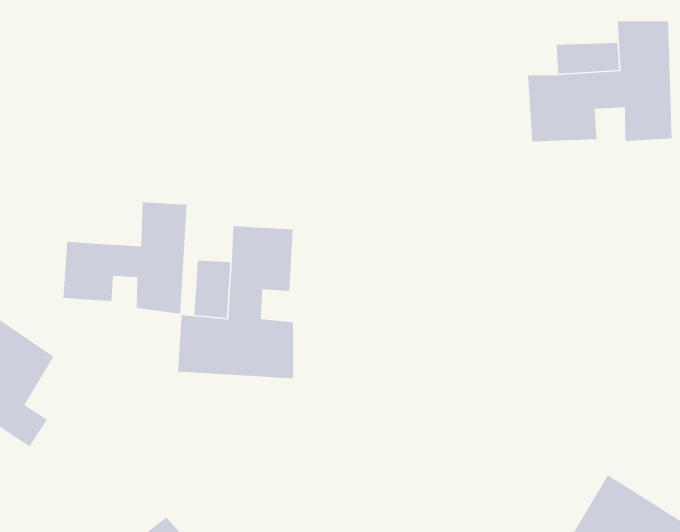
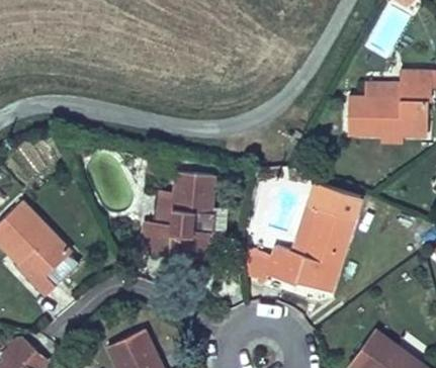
building: [63,202,188,315] -> none
building: none -> [261,195,360,298]

